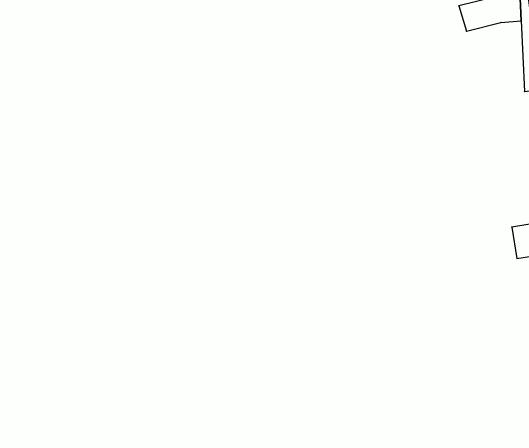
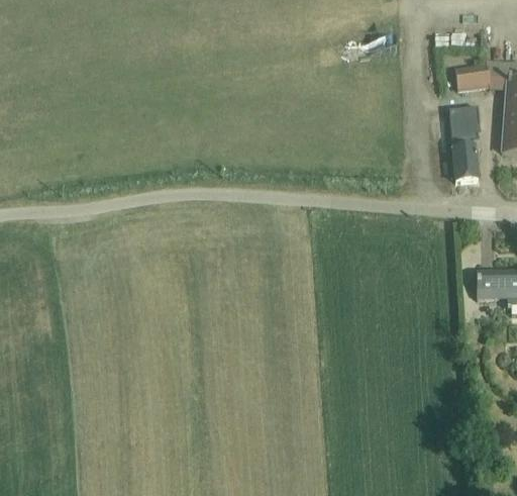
building: none -> [450,120,478,180]

